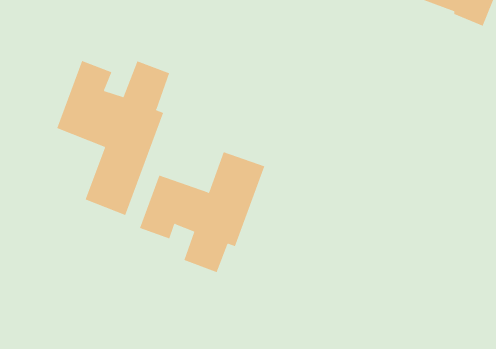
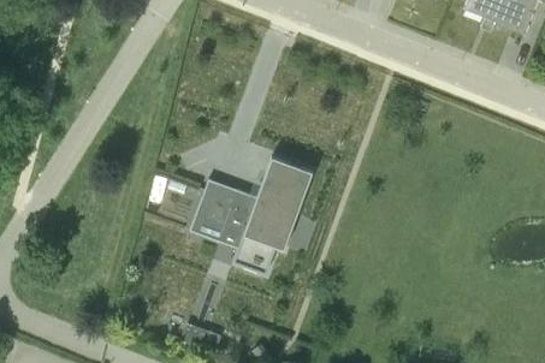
building: [57,60,170,216] -> none

